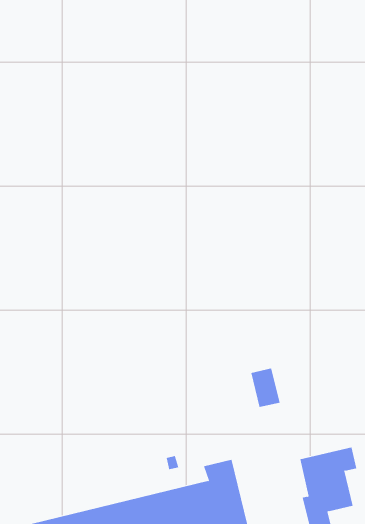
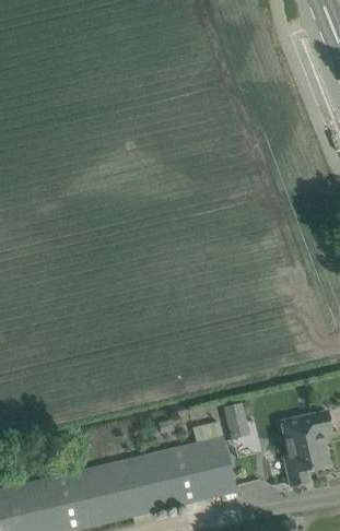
building: [250,368,280,408] -> [223,402,250,438]

